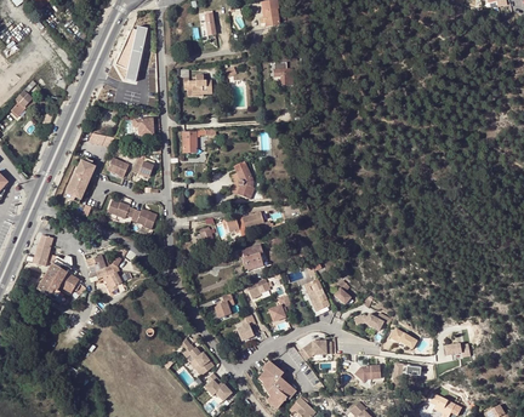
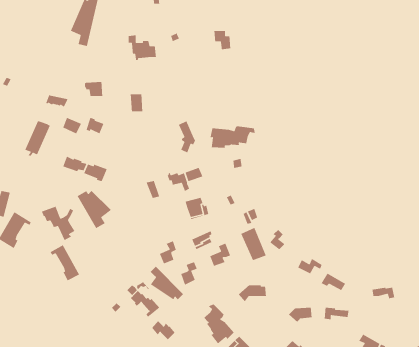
building: none -> [209,125,256,148]
building: none -> [77,190,112,229]
building: none -> [49,244,80,282]
building: none -> [150,266,184,301]

